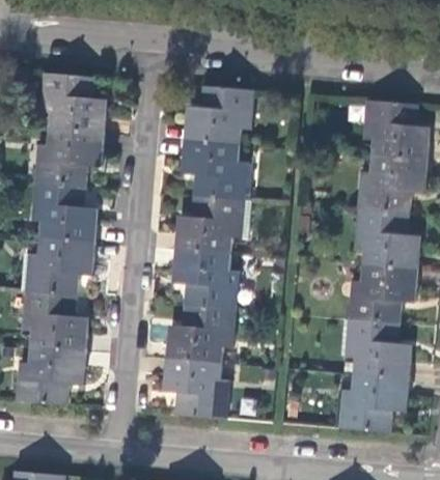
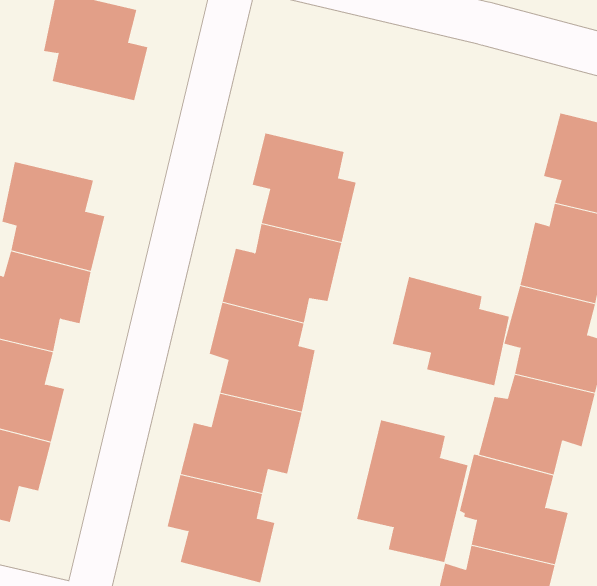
building: [187,86,253,145] -> none
building: [35,130,104,187] -> none
building: none -> [392,276,510,386]
building: none -> [356,420,468,563]

